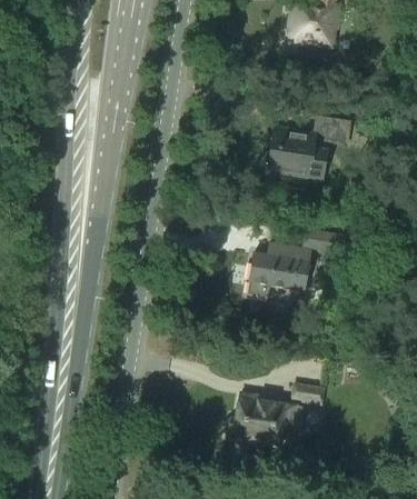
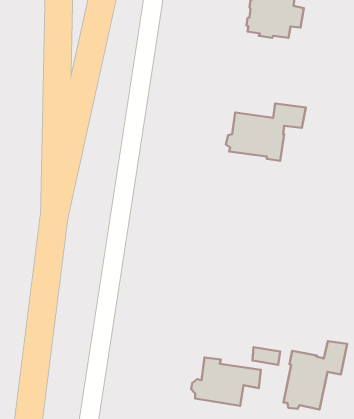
building: [249,230,356,297] -> none
building: none -> [283,341,347,409]

